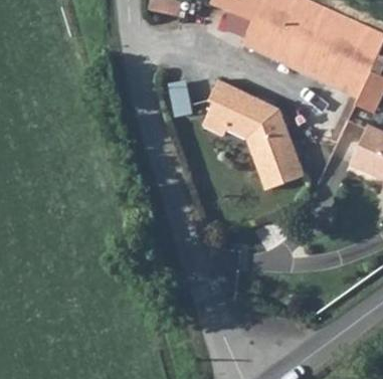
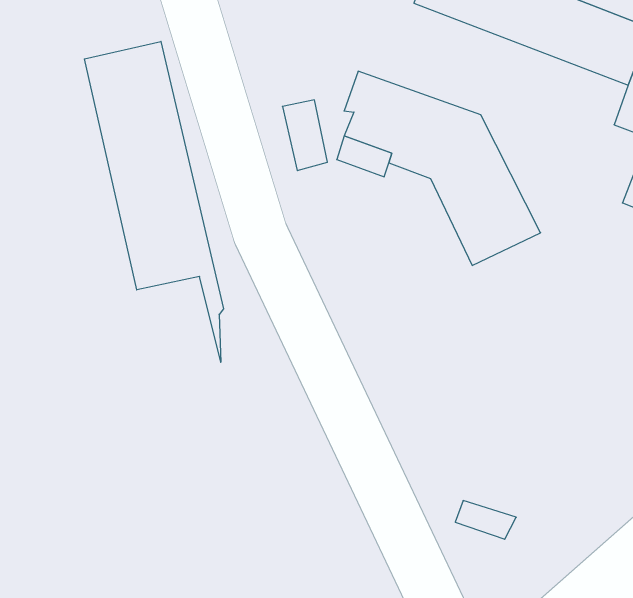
building: none -> [84,41,223,362]

